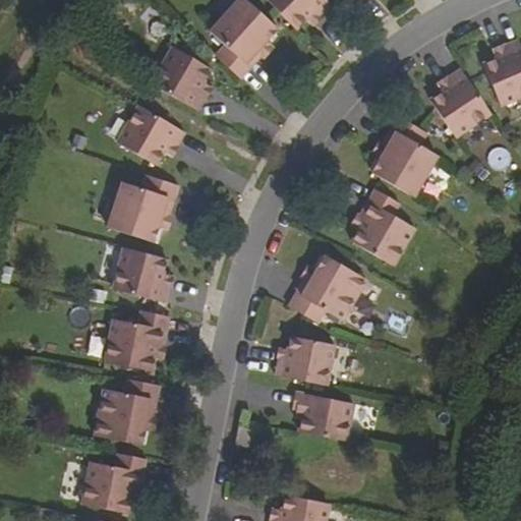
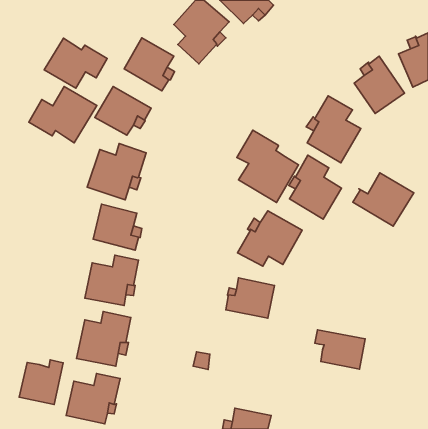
building: none -> [44,38,107,88]
building: none -> [29,87,97,143]
building: none -> [237,130,298,202]
building: none -> [353,173,414,226]
building: [292,393,353,441] -> [315,330,365,369]
building: none -> [19,360,63,405]

